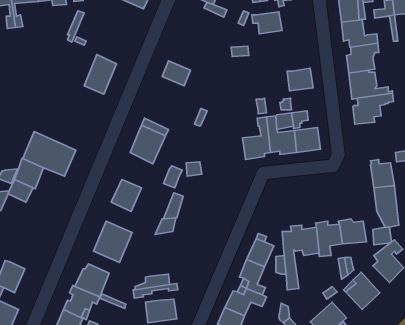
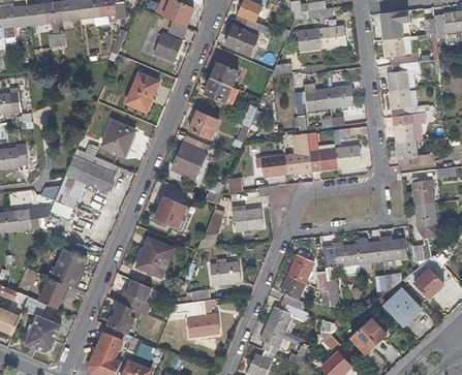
building: none -> [224,25,257,56]
building: none -> [319,26,345,48]
building: none -> [153,32,182,61]
building: none -> [210,62,238,87]
building: none -> [303,84,330,111]
building: none -> [188,111,219,139]
building: none -> [101,120,134,155]
building: none -> [395,138,433,165]
building: none -> [260,154,286,178]
building: none -> [232,205,263,231]
building: none -> [52,247,86,287]
building: none -> [209,259,241,284]

